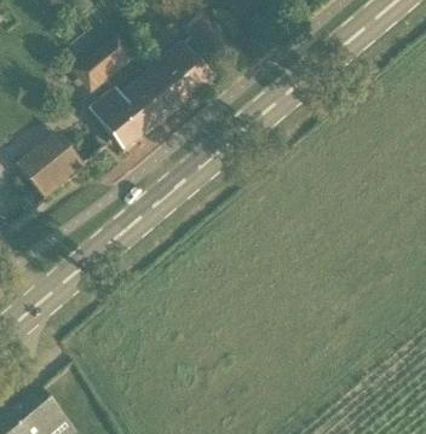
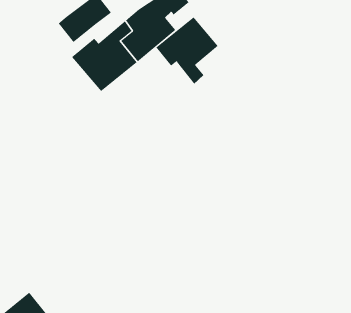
building: none -> [155,16,219,84]
building: [17,129,86,197] -> none

